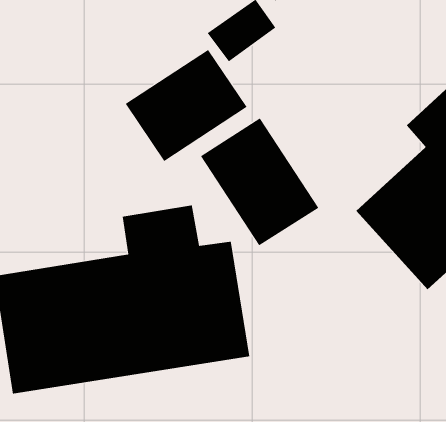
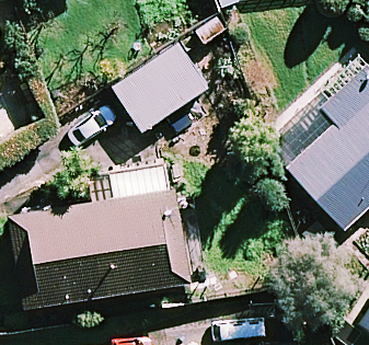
building: [200,118,319,246] -> none

